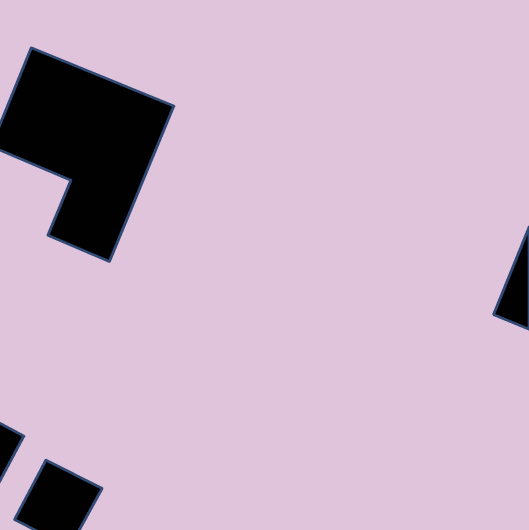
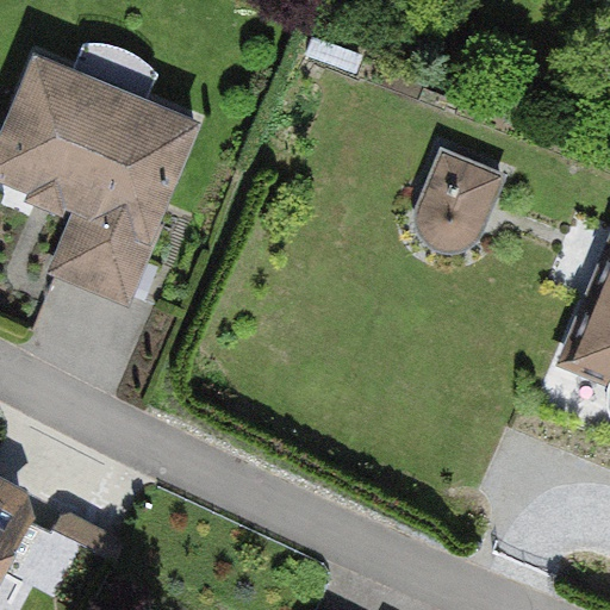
building: none -> [417,150,503,249]

